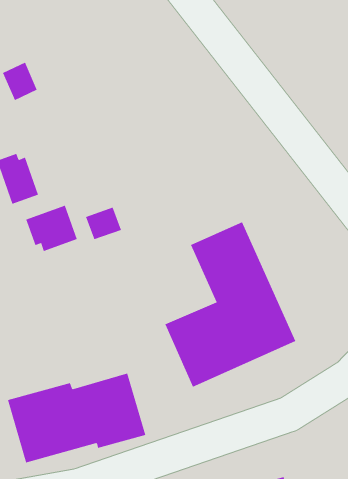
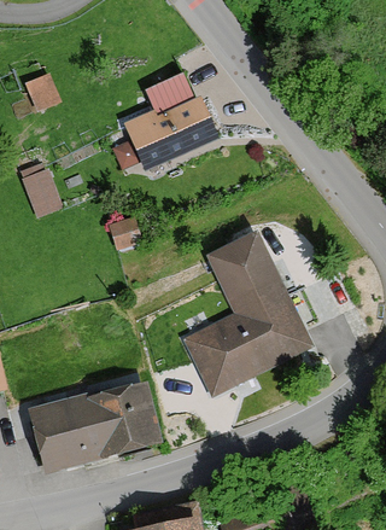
building: none -> [109,74,216,168]
building: [26,205,78,252] -> none

